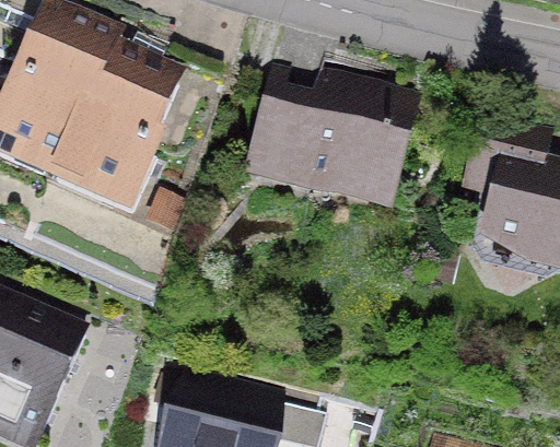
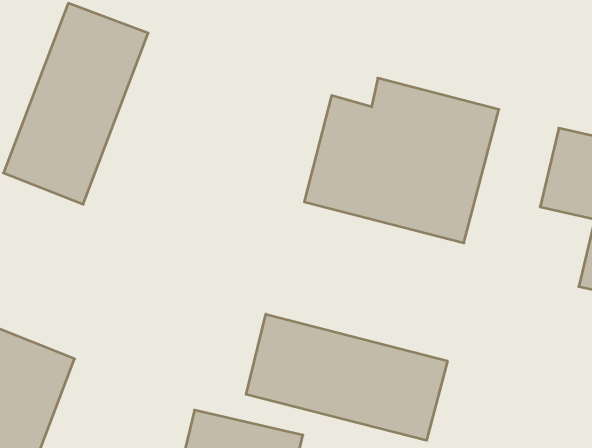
building: [74,39,199,215] -> none
building: none -> [246,314,447,440]

